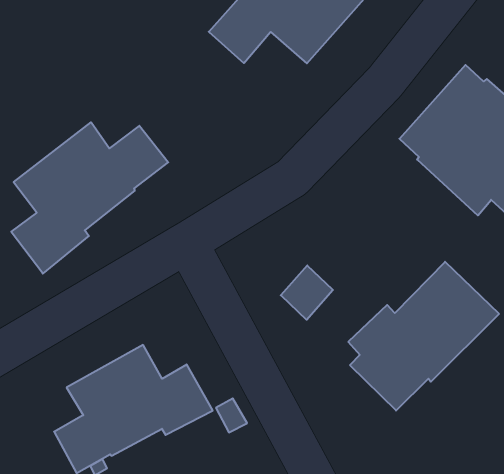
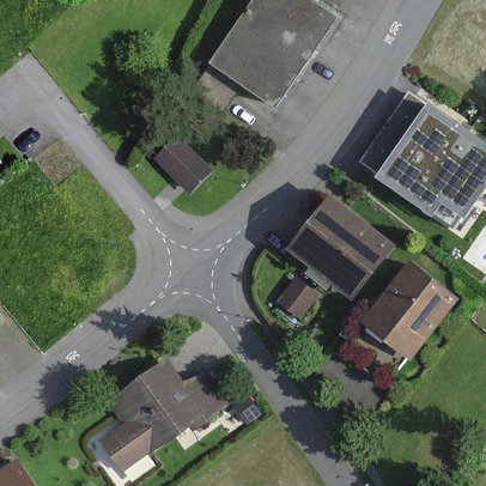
building: none -> [152,134,213,194]
building: [11,122,168,274] -> none
building: none -> [285,193,396,300]

